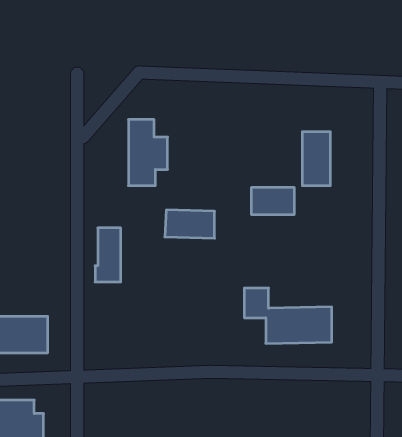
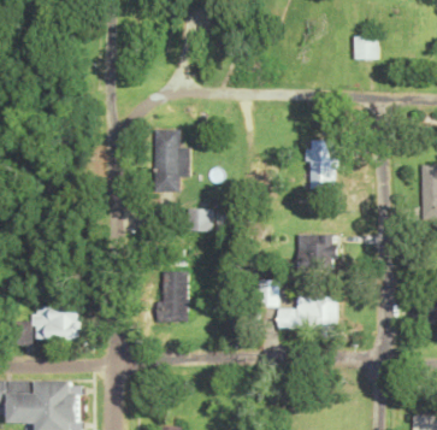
building: none -> [354,36,377,59]
building: [251,188,294,214] -> [297,235,336,259]
building: [95,228,121,282] -> [164,271,187,319]

